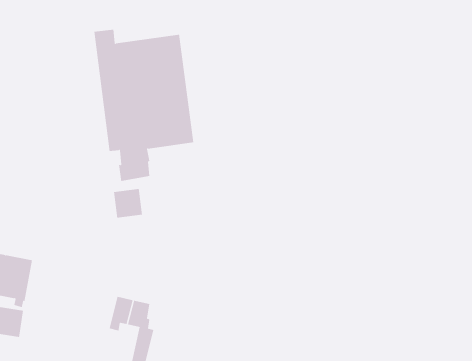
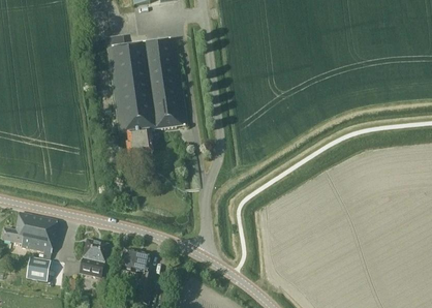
building: [113,188,143,219] -> none
building: none -> [80,239,109,277]

